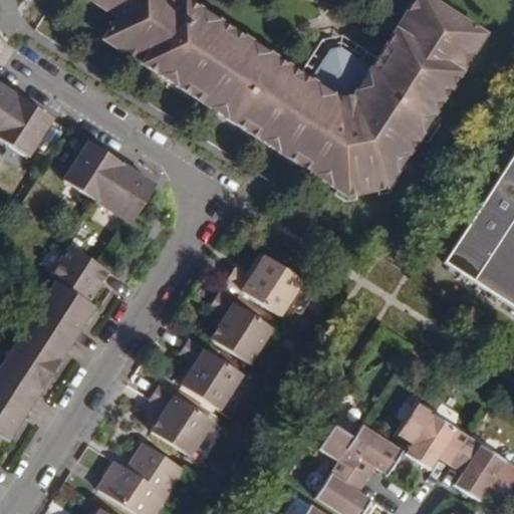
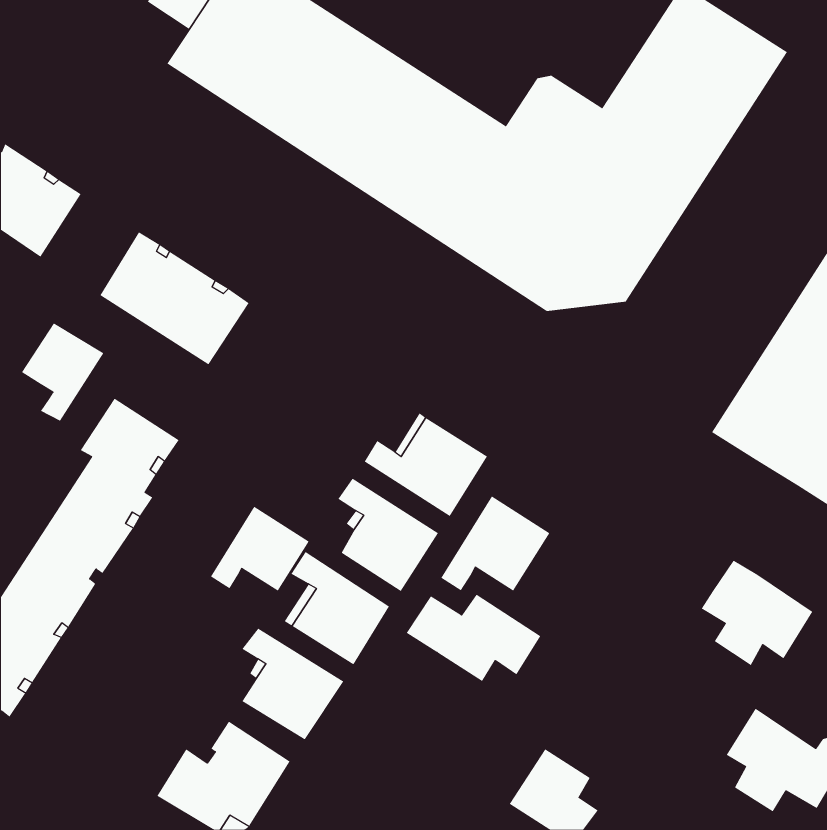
building: none -> [21,322,104,422]
building: none -> [441,495,550,591]
building: none -> [210,506,310,592]
building: [400,404,469,469] -> [701,560,813,666]
building: [320,425,404,479] -> [406,594,541,682]

